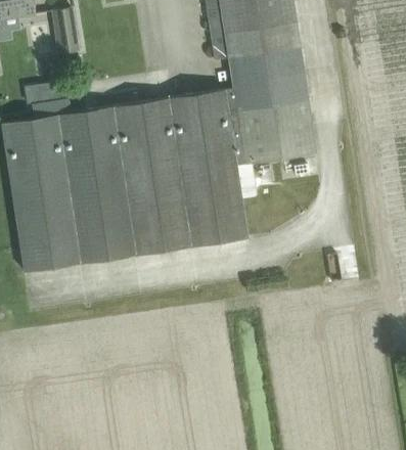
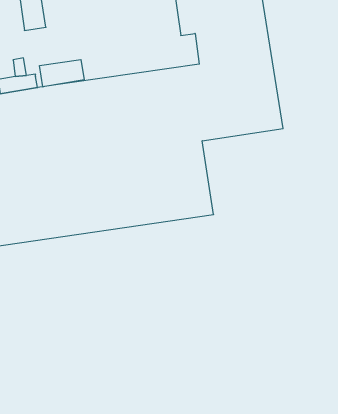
building: none -> [40,60,84,87]

